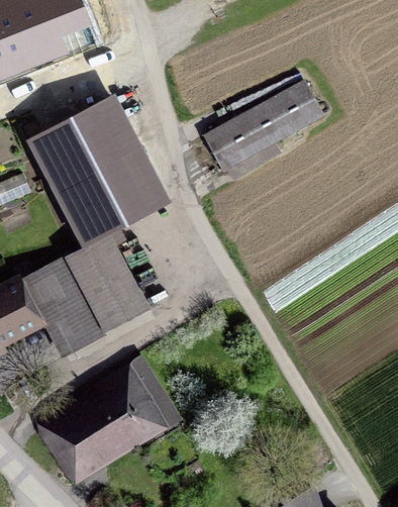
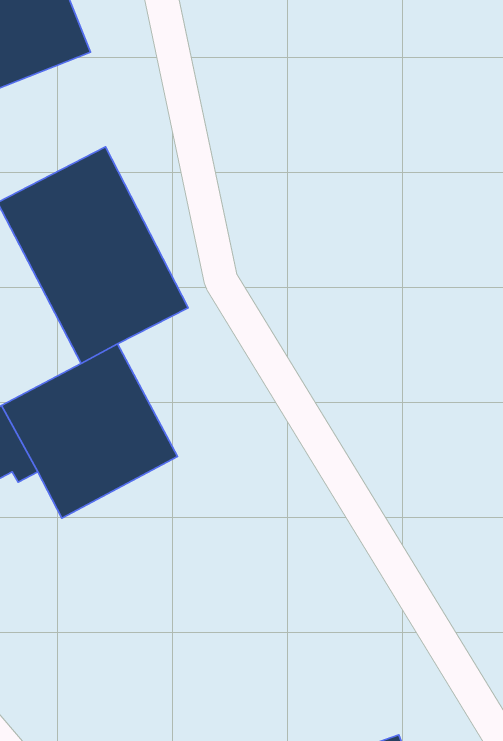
building: [208,82,322,169] -> none
building: [48,369,173,471] -> none

